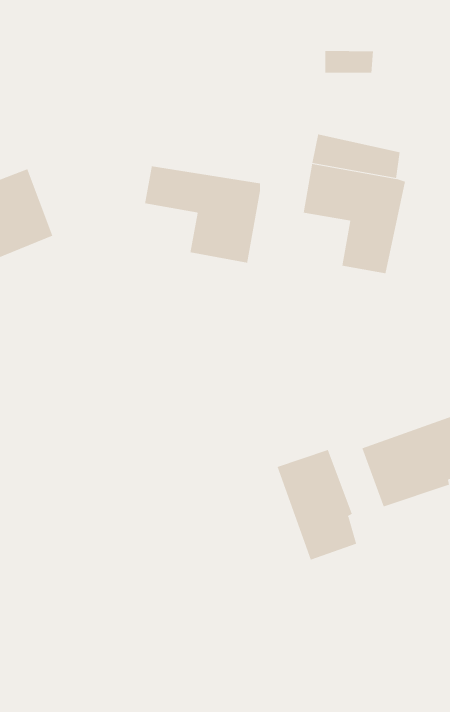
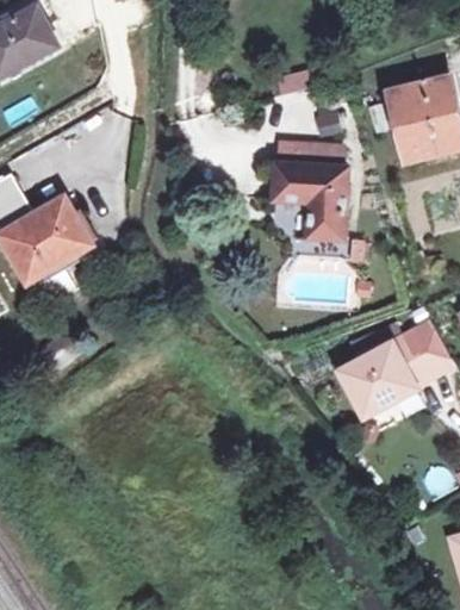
building: [145,165,261,263] -> none
building: [277,449,357,561] -> none

